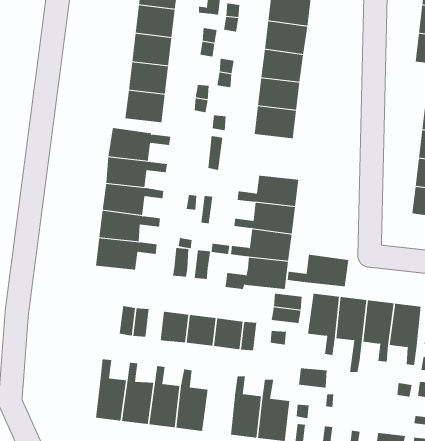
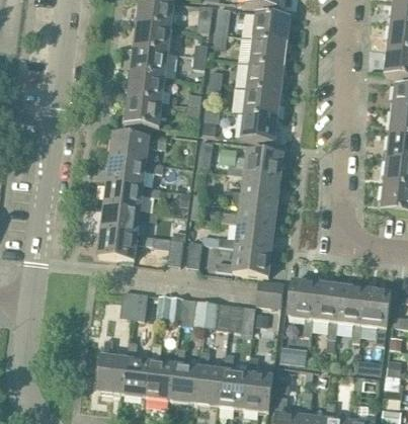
building: [287,254,349,287] -> [228,149,283,178]
building: none -> [194,350,223,406]

